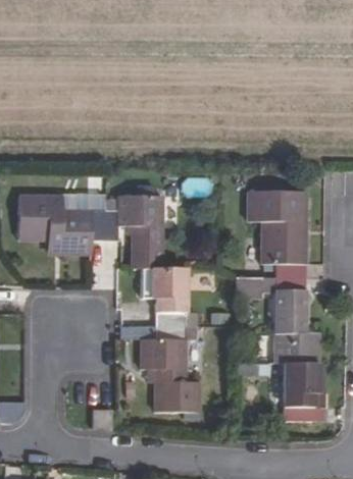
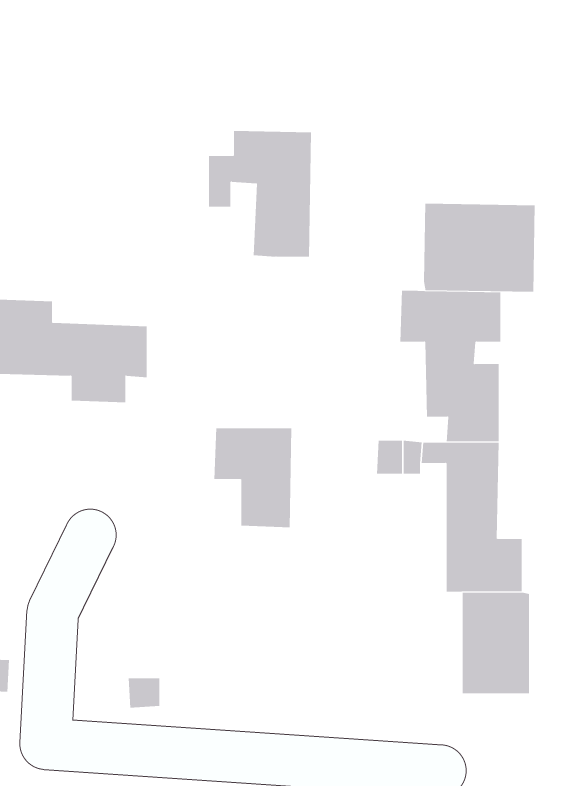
building: none -> [423,203,535,293]
building: [105,197,164,269] -> [208,130,312,257]
building: [143,325,202,413] -> none

